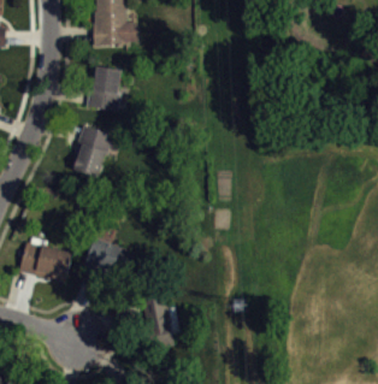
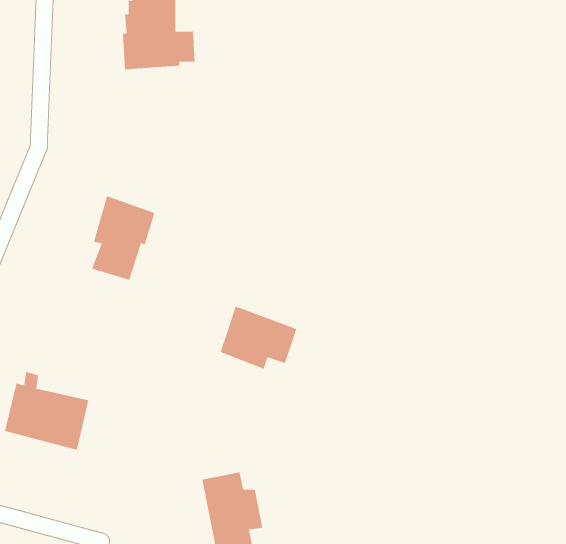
building: [87,66,122,112] -> none
building: [85,237,134,277] -> [220,306,297,370]

